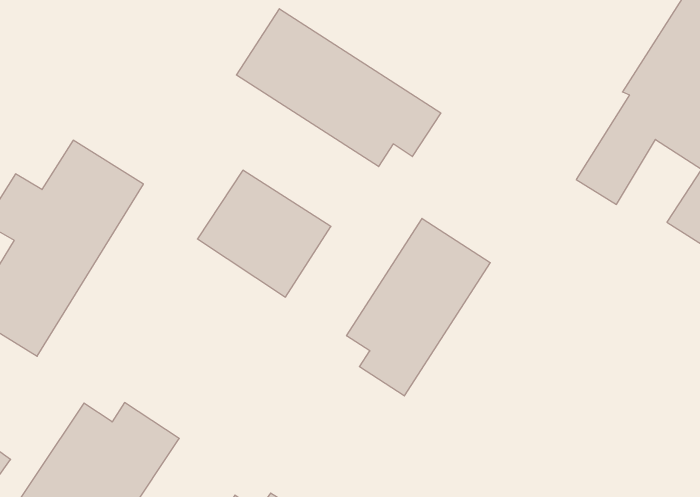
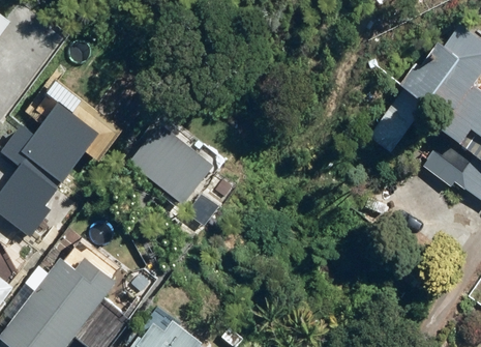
building: [236,9,441,167] -> none
building: [347,218,490,396] -> none

